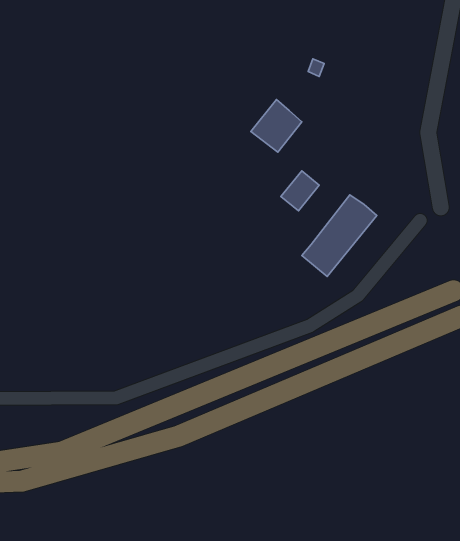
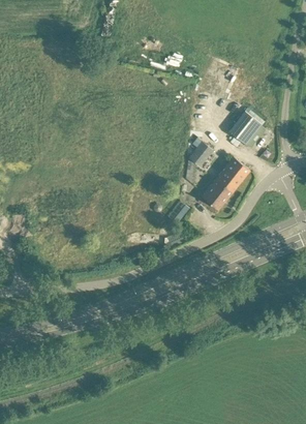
building: [251,99,302,152] -> [228,113,262,147]

